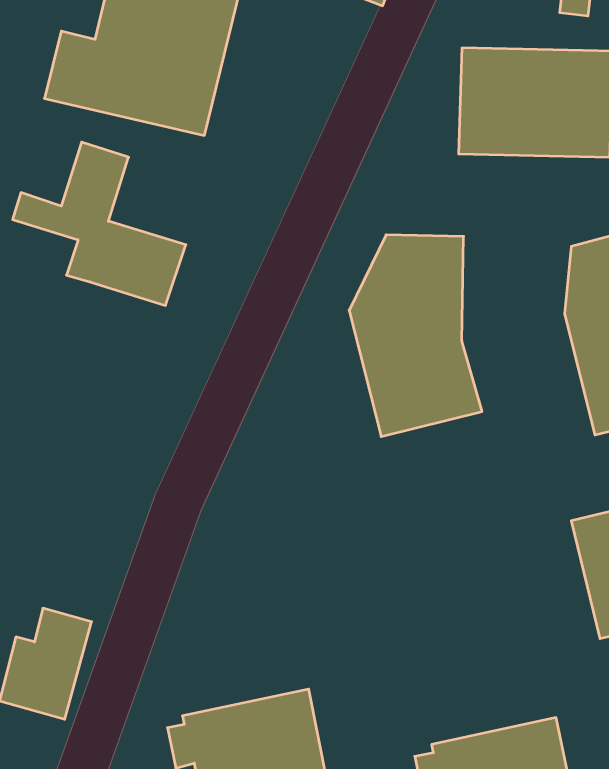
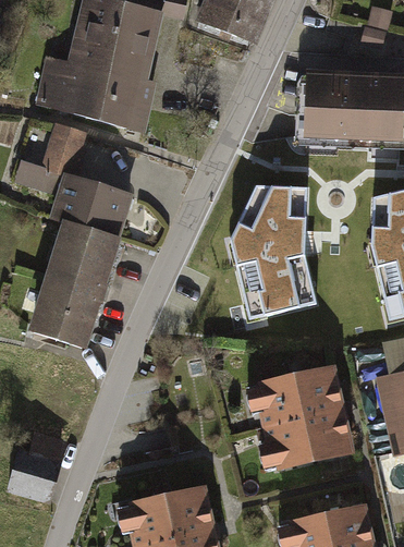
building: none -> [33,220,114,341]
building: none -> [246,364,357,474]

